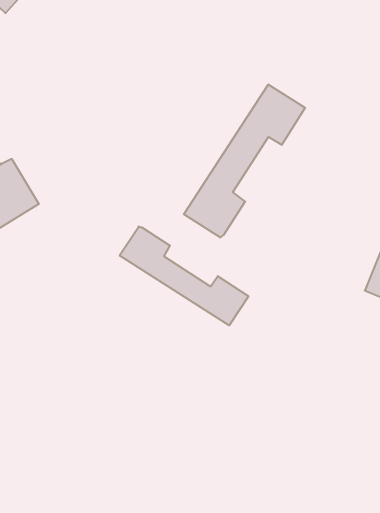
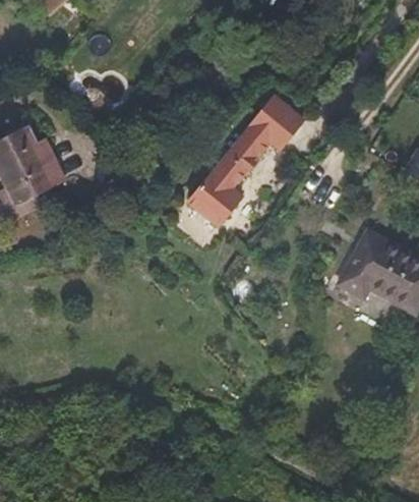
building: [120,226,248,325] -> none

